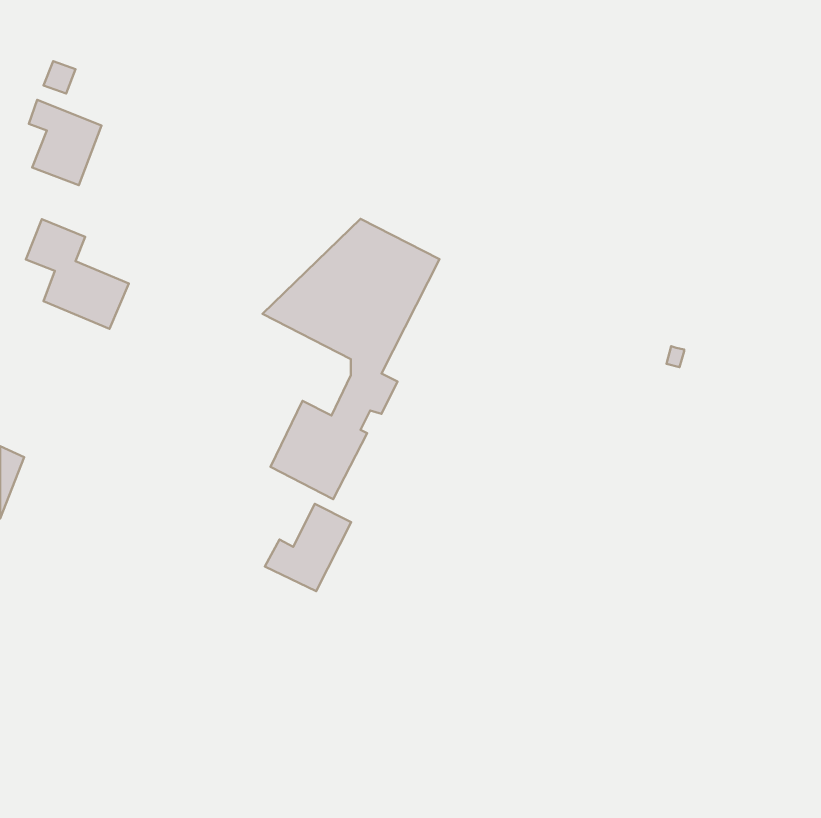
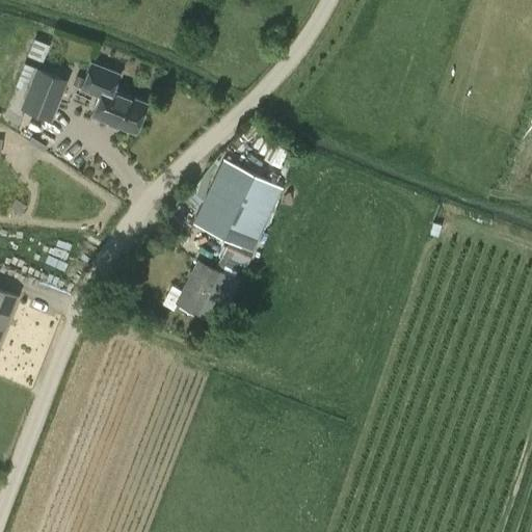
building: [26,219,129,329] -> [80,64,147,135]
building: [265,504,351,591] -> none

